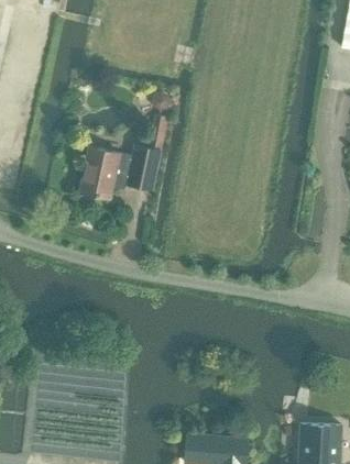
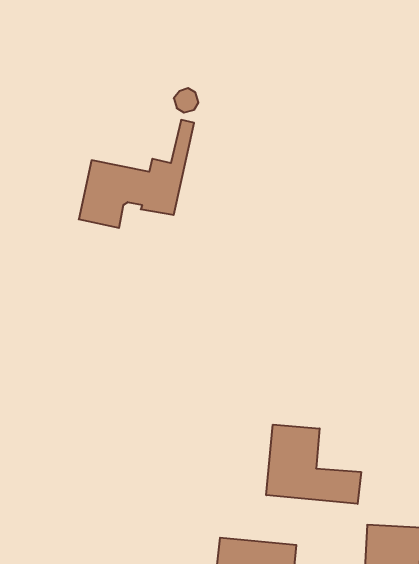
building: none -> [266,425,361,504]

